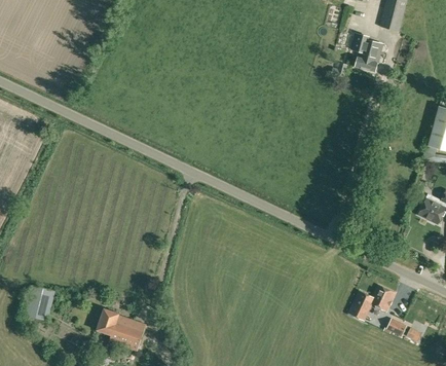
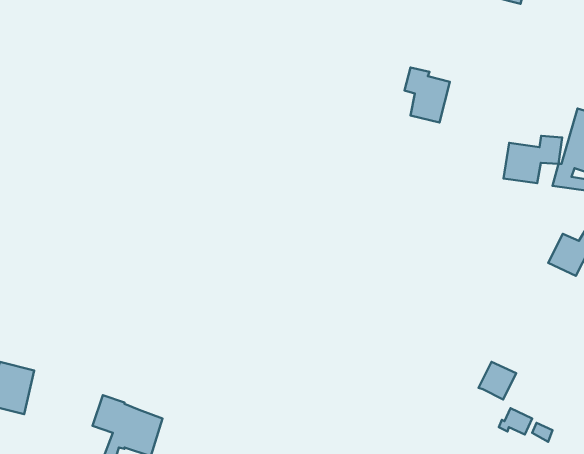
building: [351,34,383,73] -> [405,67,450,123]
building: none -> [503,136,562,183]
building: [348,291,372,321] -> none

